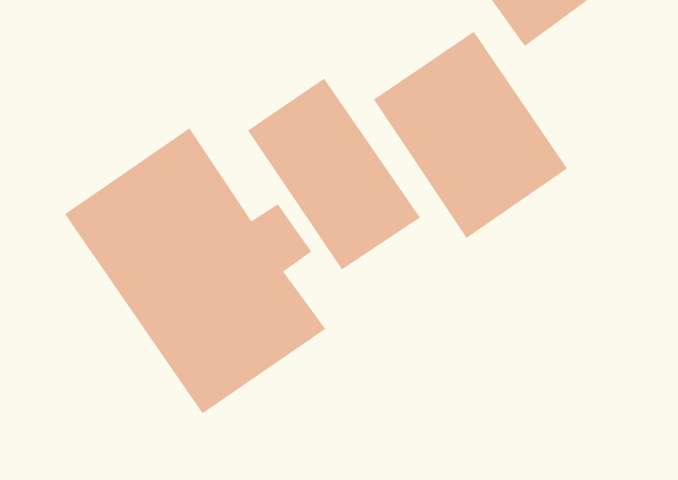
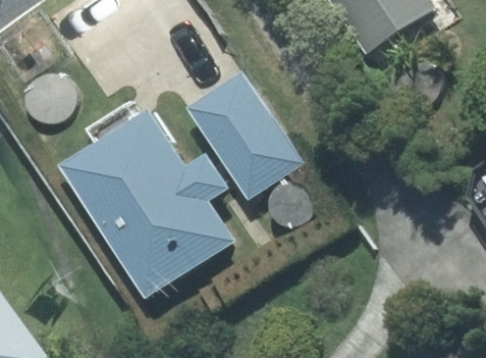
building: [373,31,568,239] -> none

